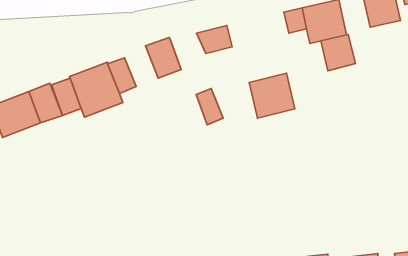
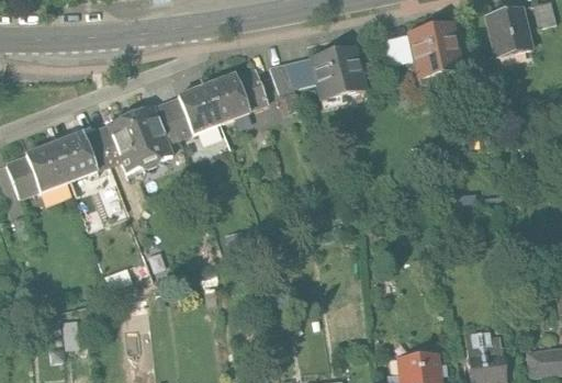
building: [321,35,355,71] -> none
building: none -> [175,82,220,135]
building: [249,73,295,118] -> [308,44,368,102]
building: [196,88,223,125] -> [235,66,270,113]

